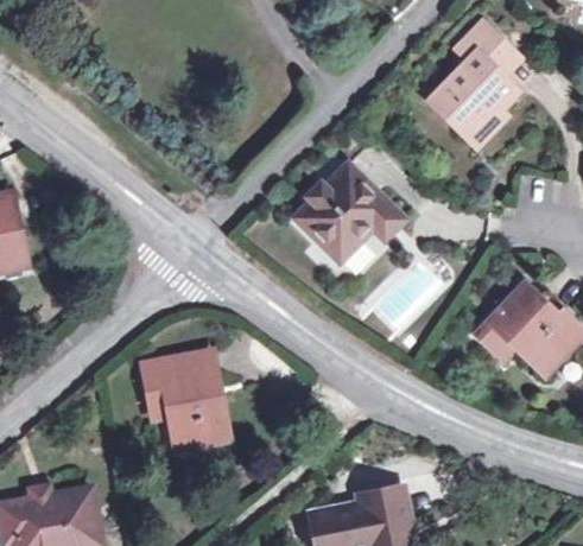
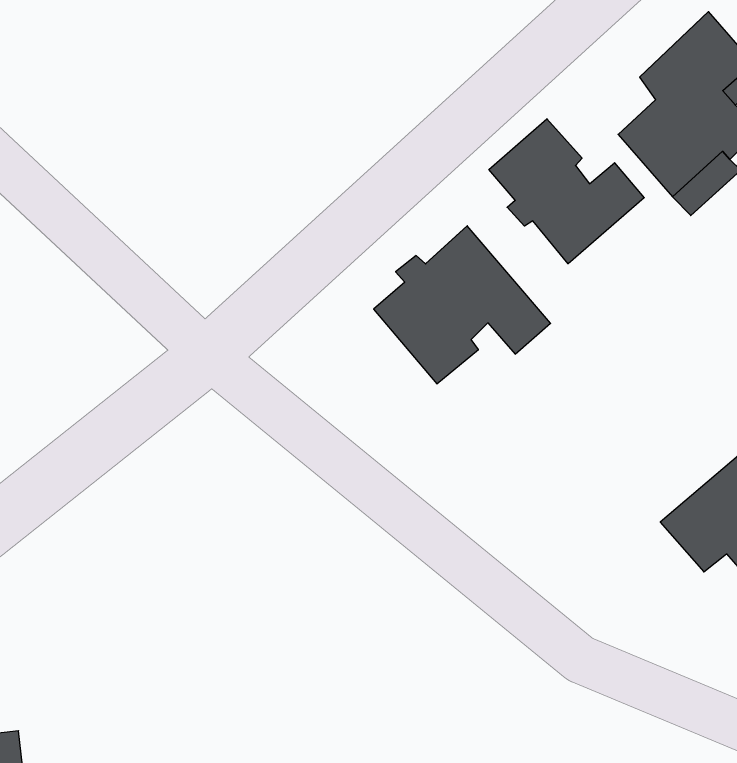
building: none -> [489,119,644,264]
building: [144,353,229,450] -> none

